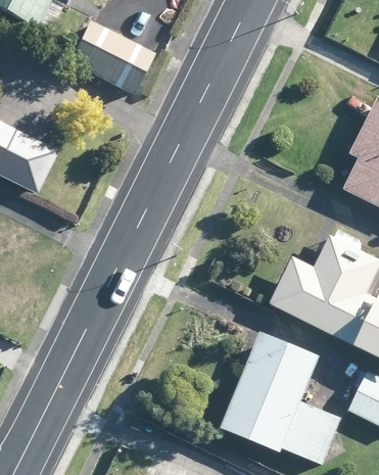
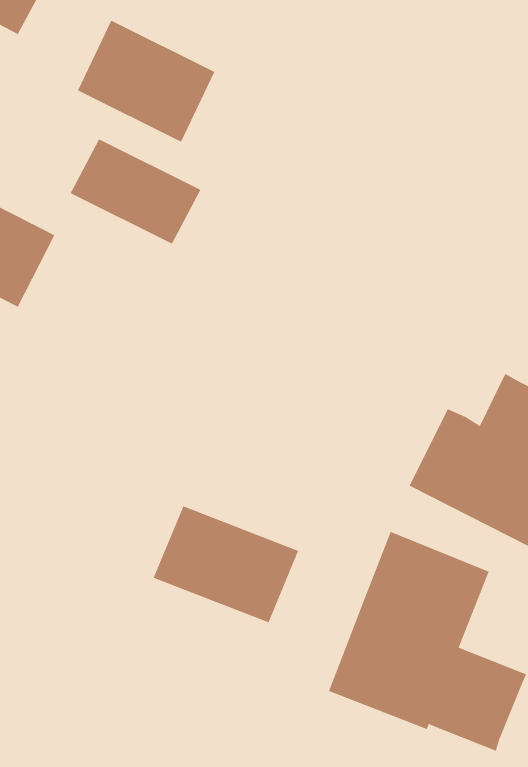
building: none -> [70,138,201,244]
building: none -> [153,505,299,623]

